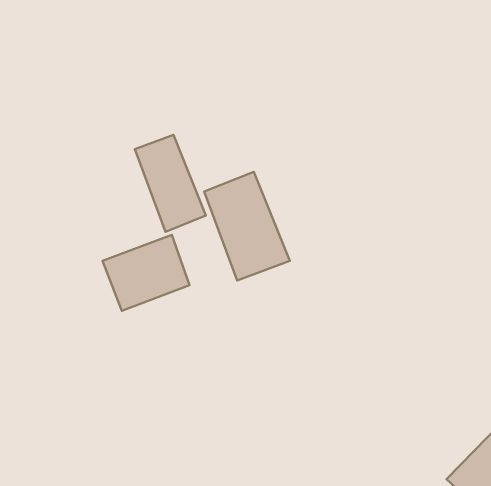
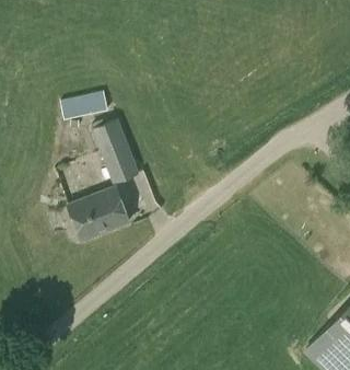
building: none -> [60,91,108,120]
building: [204,172,290,280] -> none

